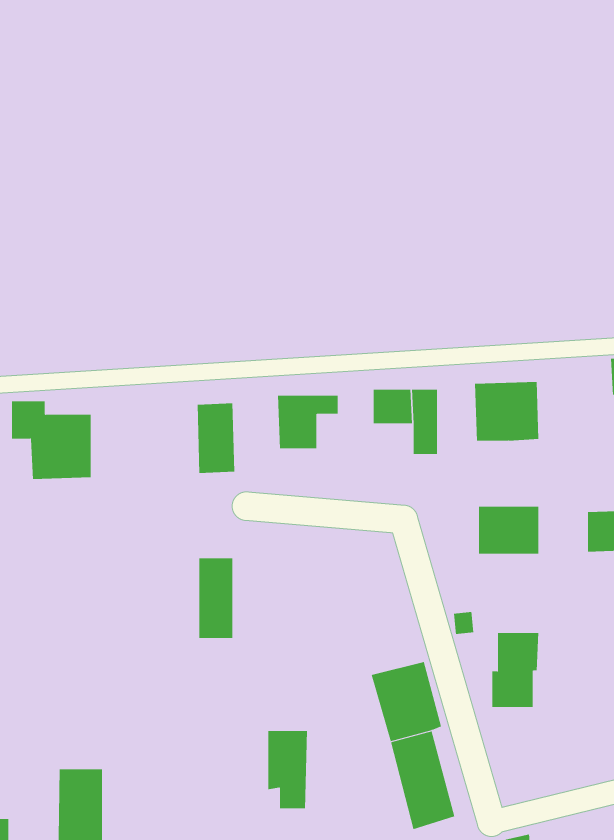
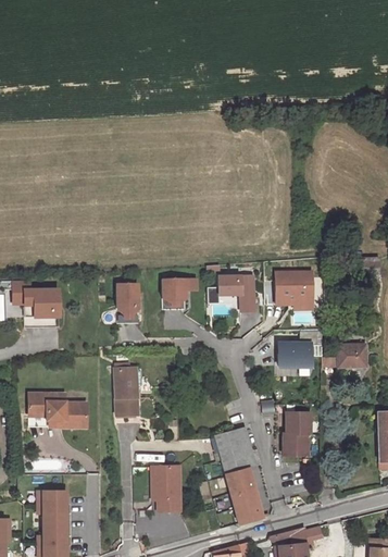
building: none -> [29,394,86,428]

